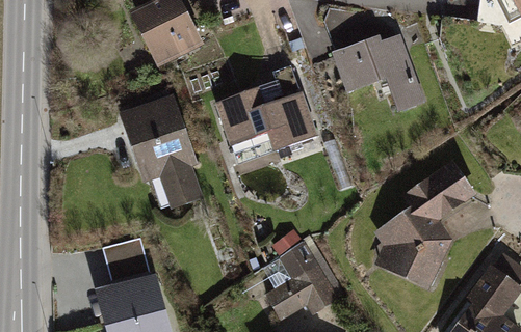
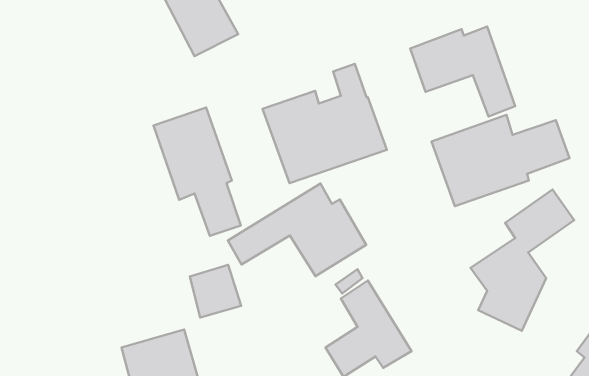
building: none -> [432,115,569,206]
building: none -> [228,183,366,276]
building: [107,238,149,280] -> [190,265,241,318]

